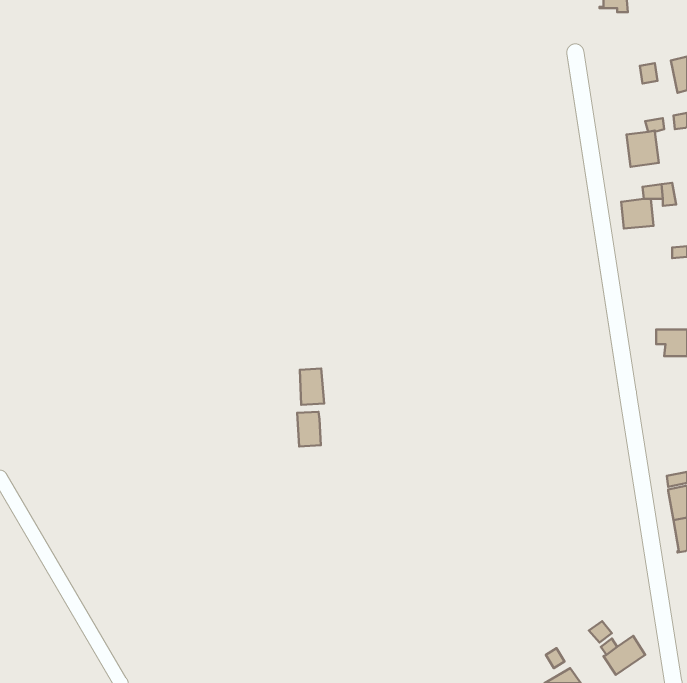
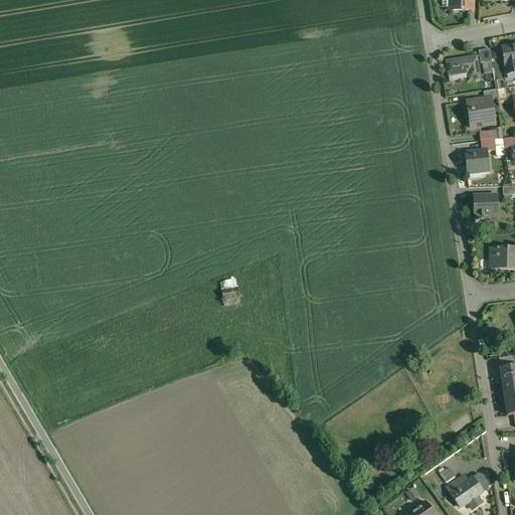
building: none -> [446,54,481,79]
building: none -> [473,193,498,215]
building: [297,412,321,447] -> none

